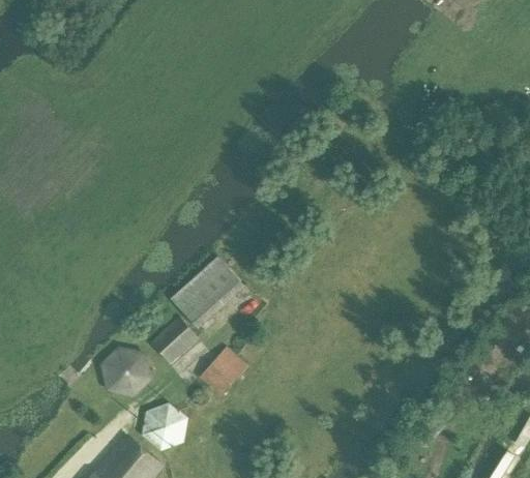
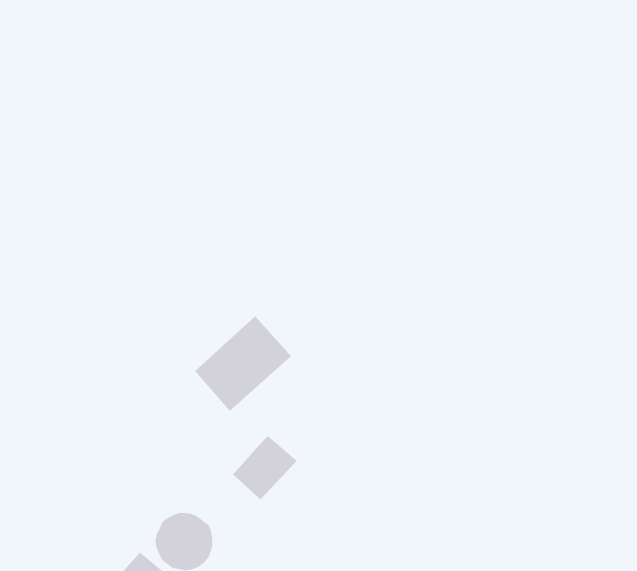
building: [151,317,198,363] -> none
building: [102,347,149,395] -> none

